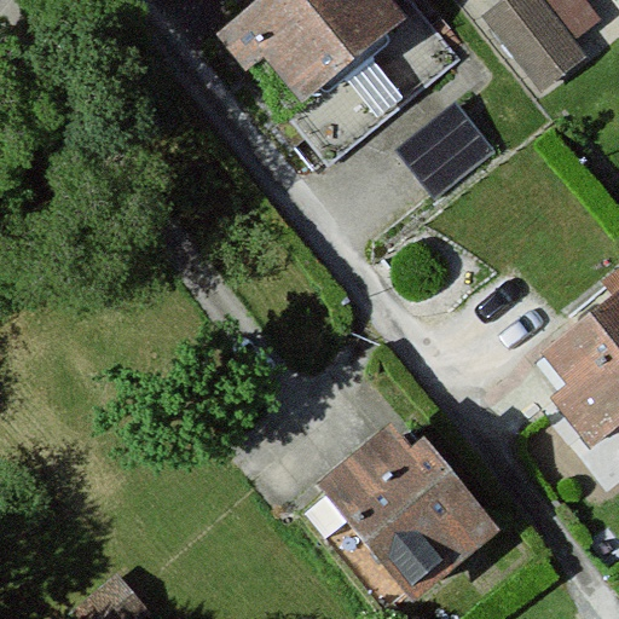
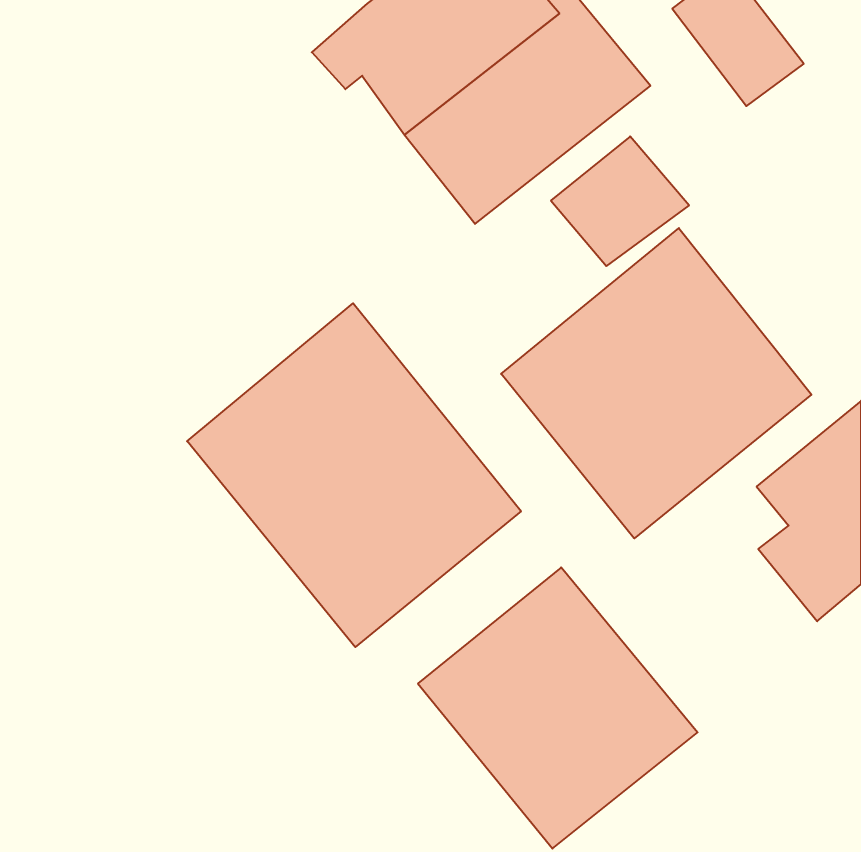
building: none -> [501,228,811,538]
building: none -> [187,303,521,647]

